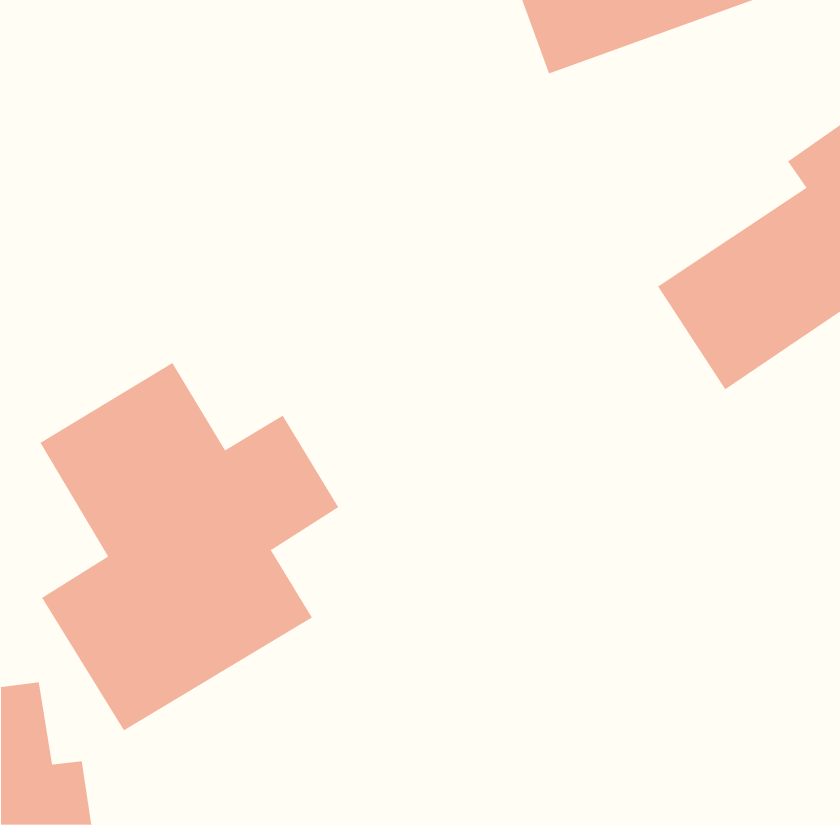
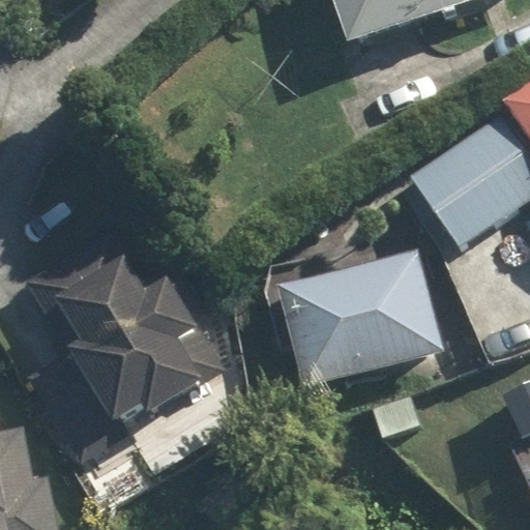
building: none -> [275,222,445,387]

